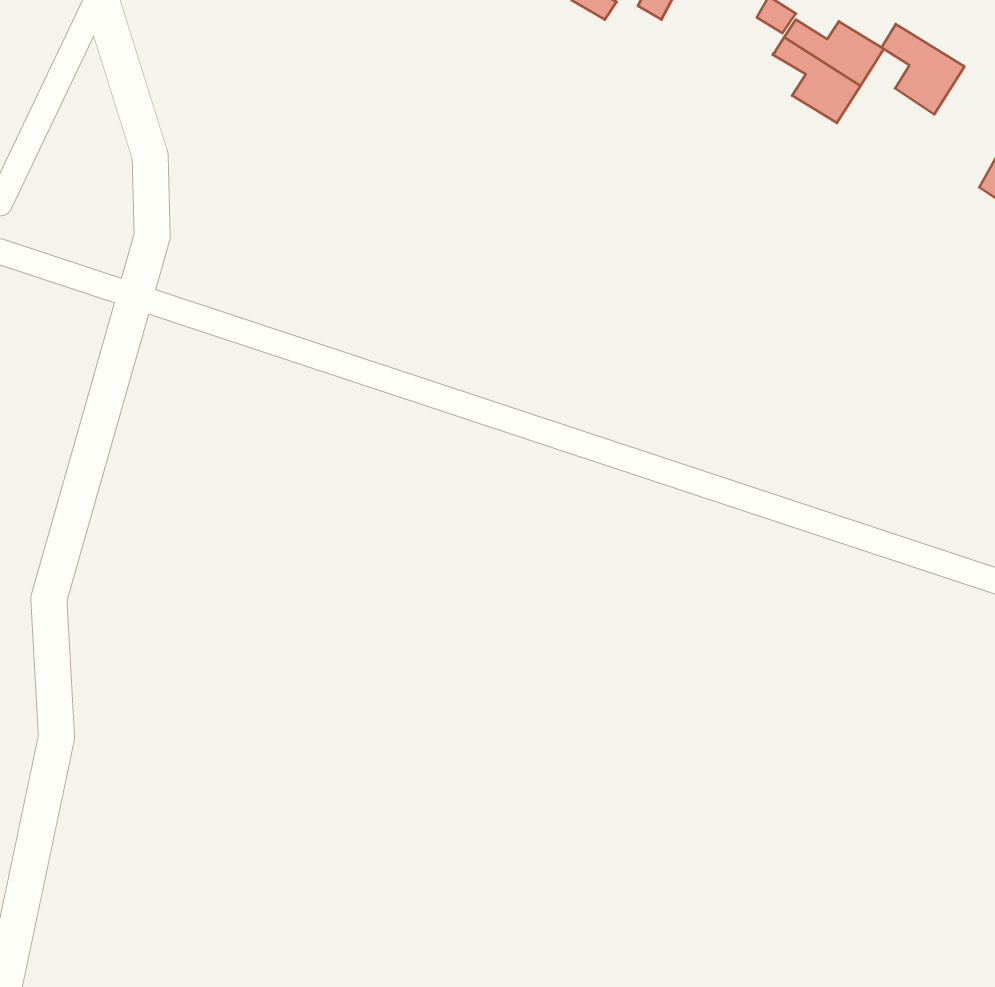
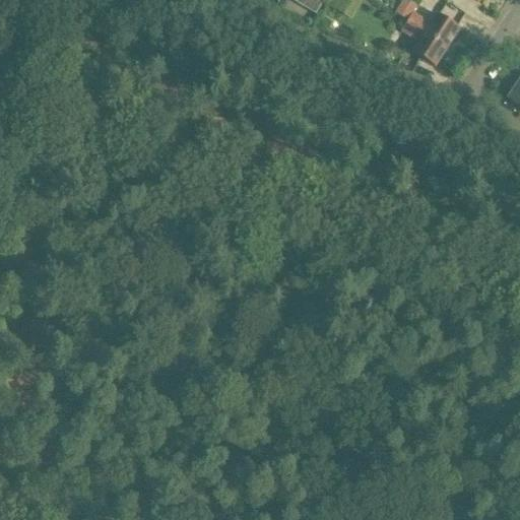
building: [882,24,964,114] -> none

